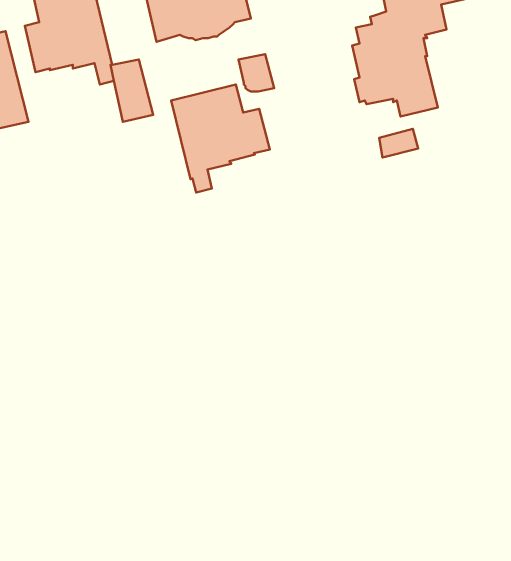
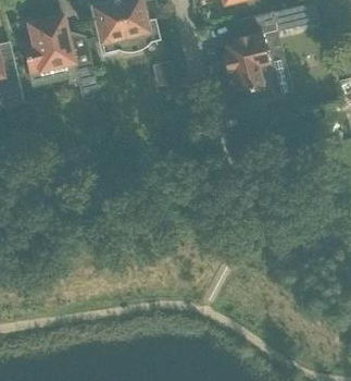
building: [171,85,270,192] -> none

